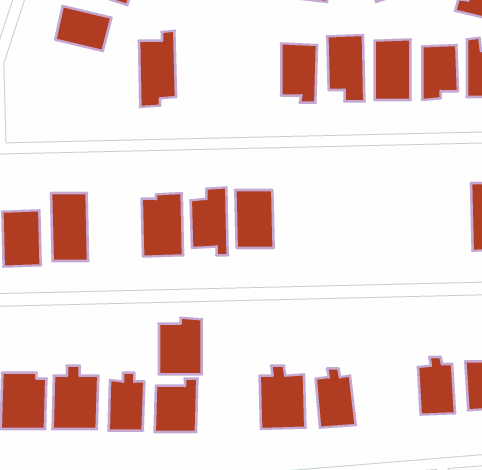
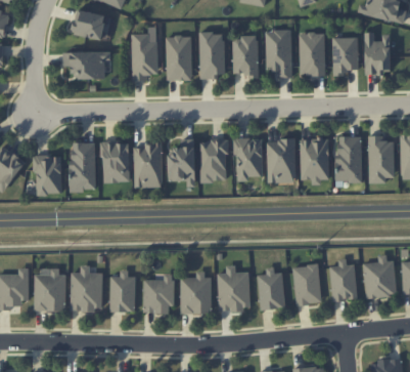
building: none -> [199,33,225,78]
building: none -> [167,36,192,80]
building: none -> [63,51,111,79]
building: none -> [336,136,362,181]
building: none -> [235,138,263,181]
building: none -> [301,138,329,182]
building: none -> [267,139,297,182]
building: none -> [102,141,130,182]
building: [159,318,202,374] -> [181,274,212,314]
building: none -> [293,264,321,305]

